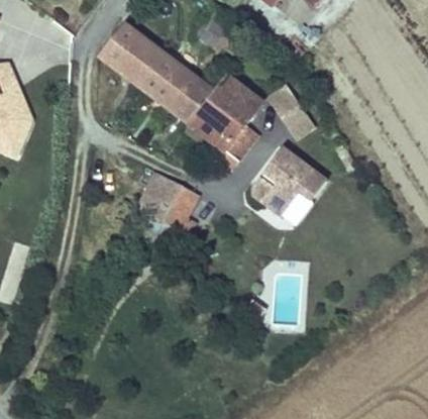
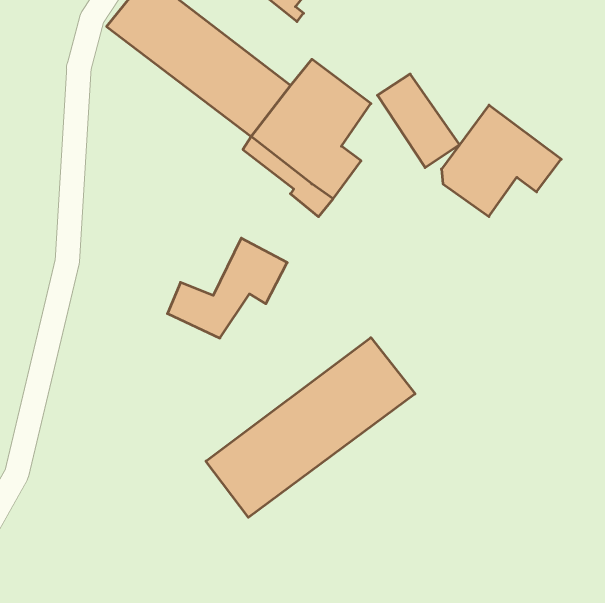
building: [253,145,327,214] -> [441,105,561,217]
building: [137,171,183,219] -> none
building: none -> [206,338,415,517]

